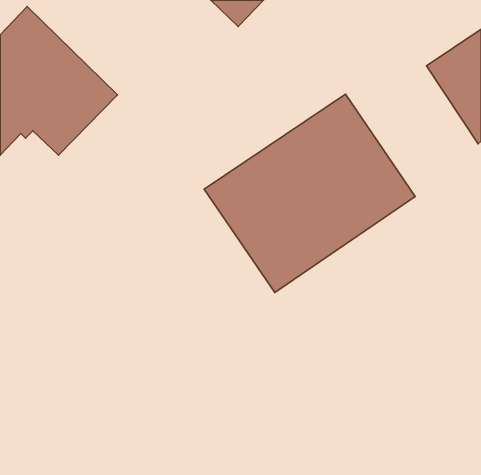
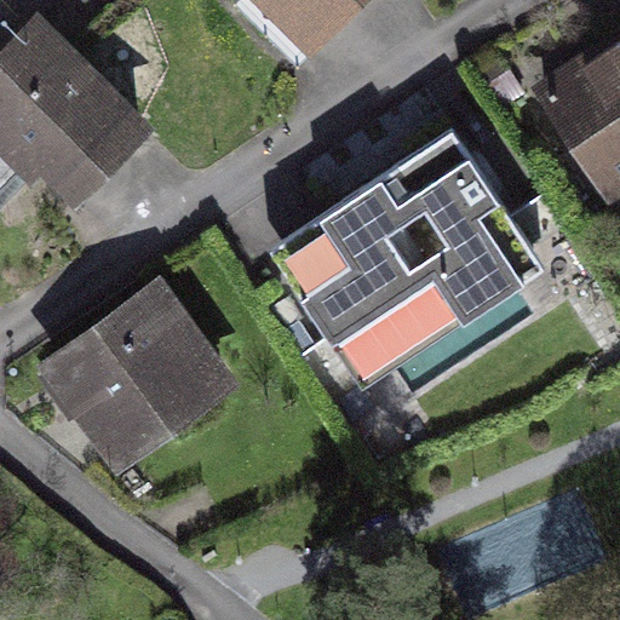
building: none -> [44,285,237,473]

